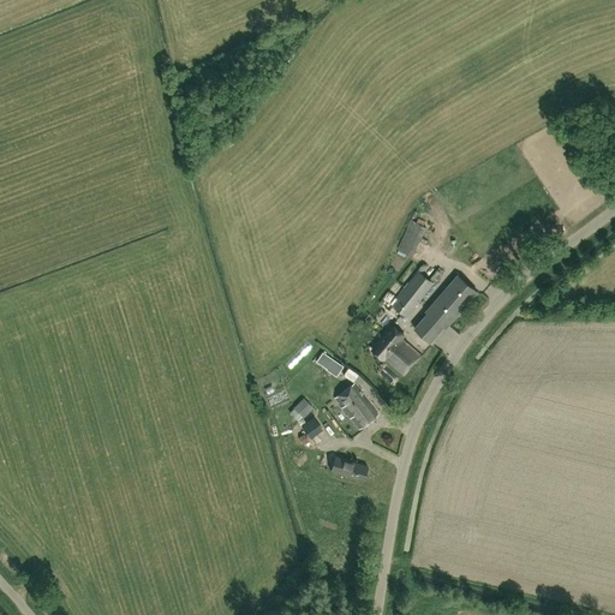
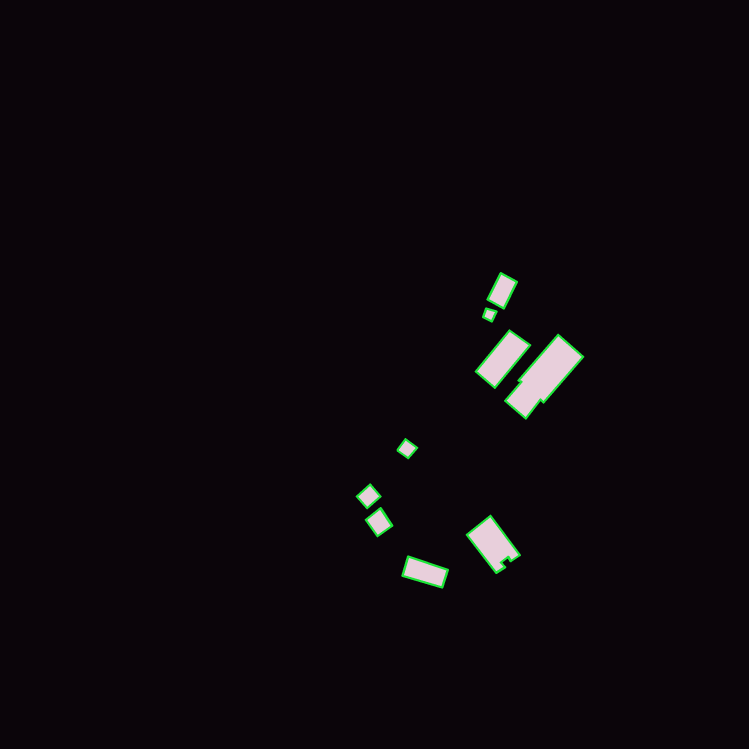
building: [371,327,422,377] -> none
building: [334,383,377,430] -> [467,516,520,573]

